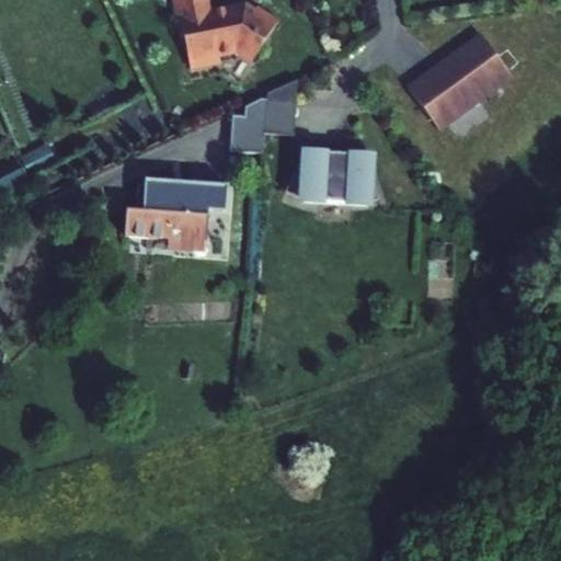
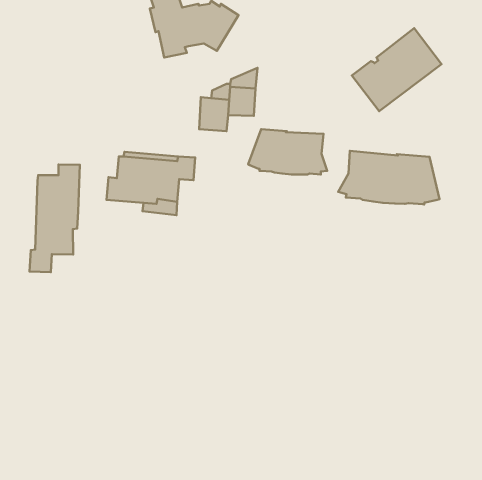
building: none -> [338,151,440,205]
building: none -> [30,164,80,272]

